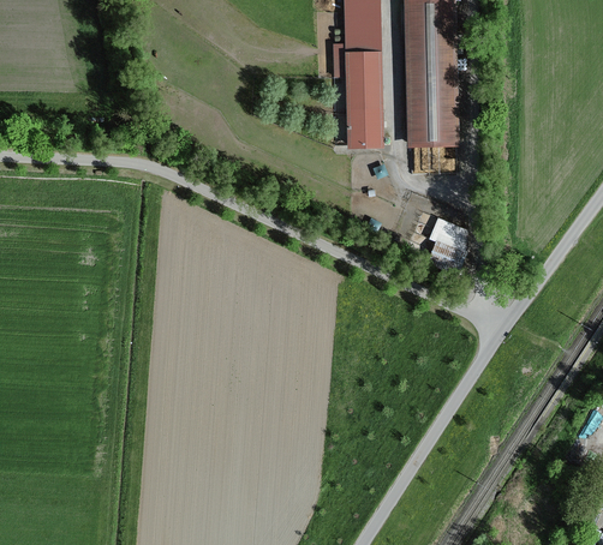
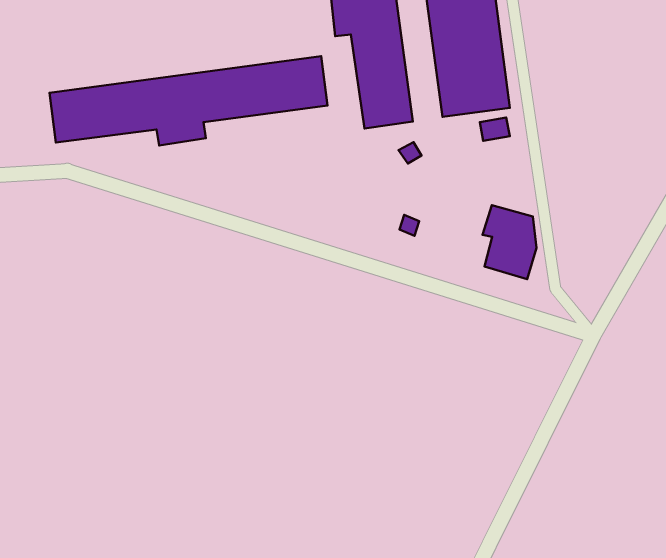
building: none -> [50,56,328,145]

